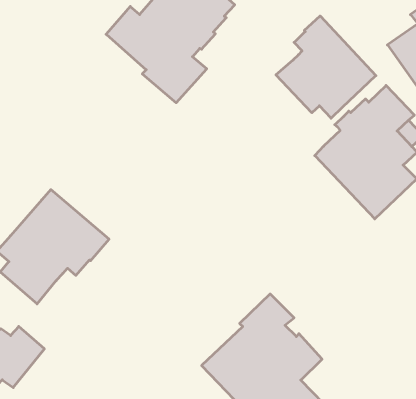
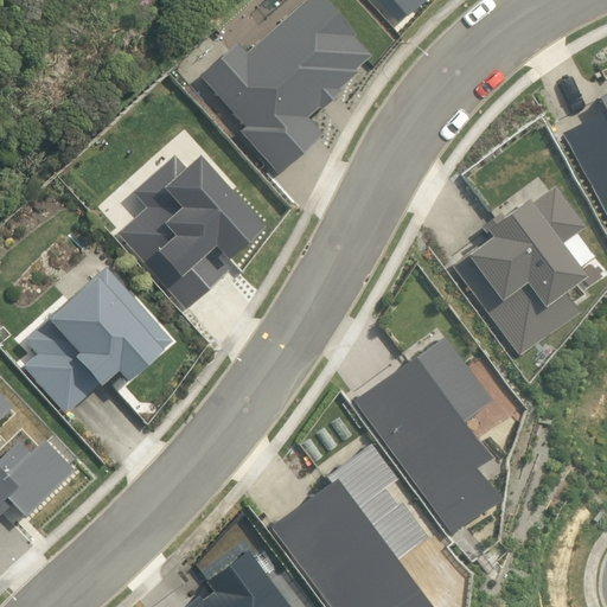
building: [276,16,376,118] -> none
building: none -> [119,156,257,309]
building: none -> [356,337,494,533]

